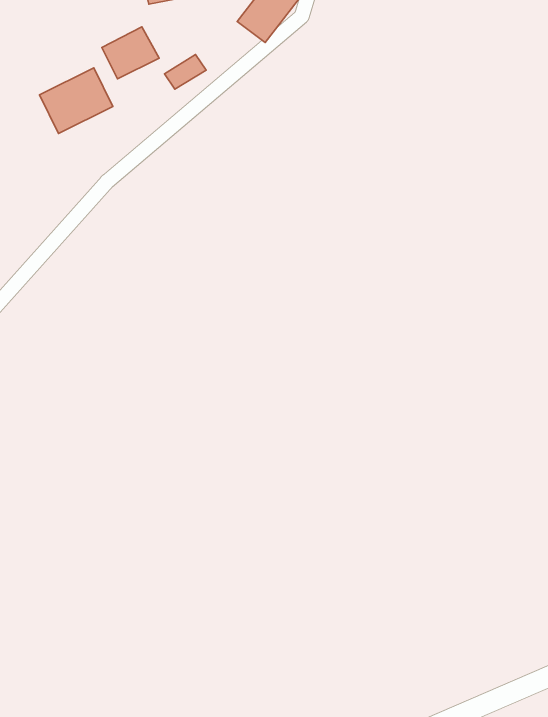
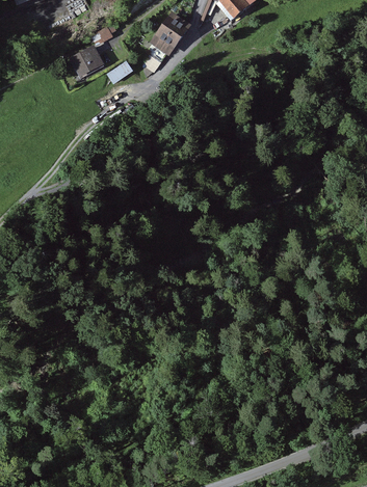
building: [40,68,113,134] -> none

